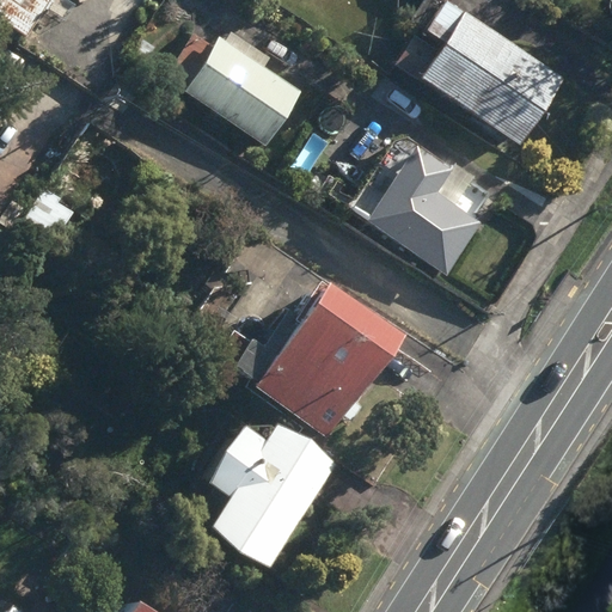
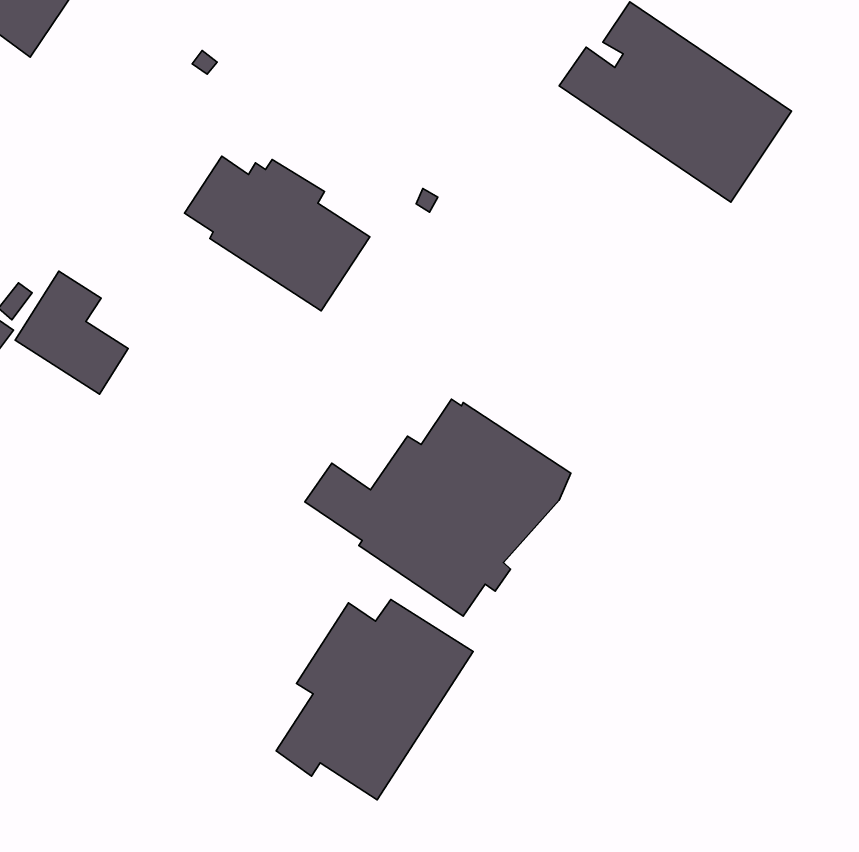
building: [169,32,300,142] -> [185,156,370,311]
building: [368,147,494,274] -> none

